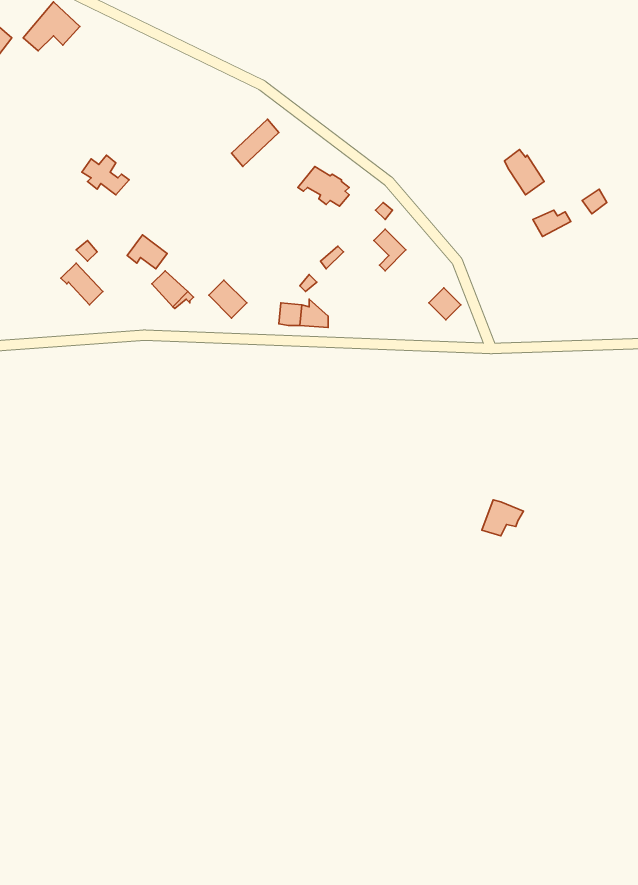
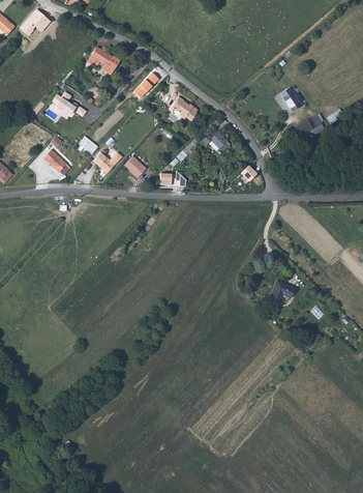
building: none -> [88,46,121,74]

